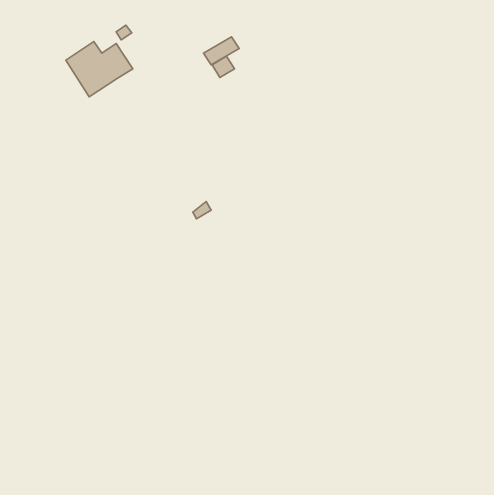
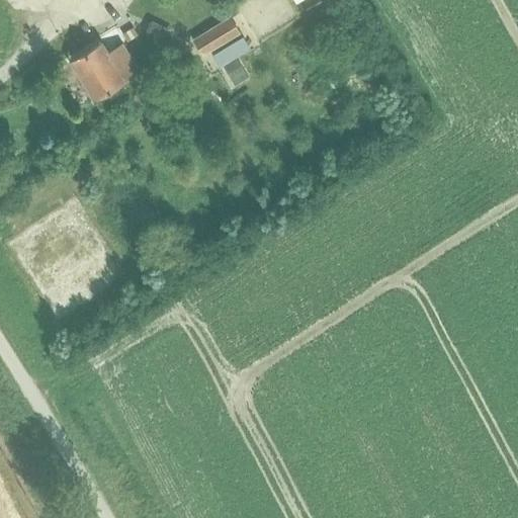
building: none -> [192,19,238,57]

